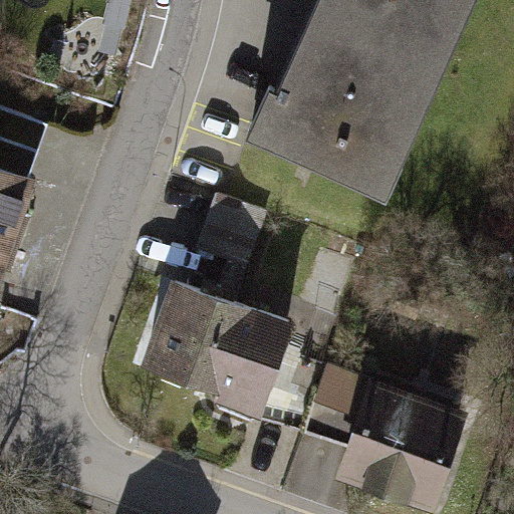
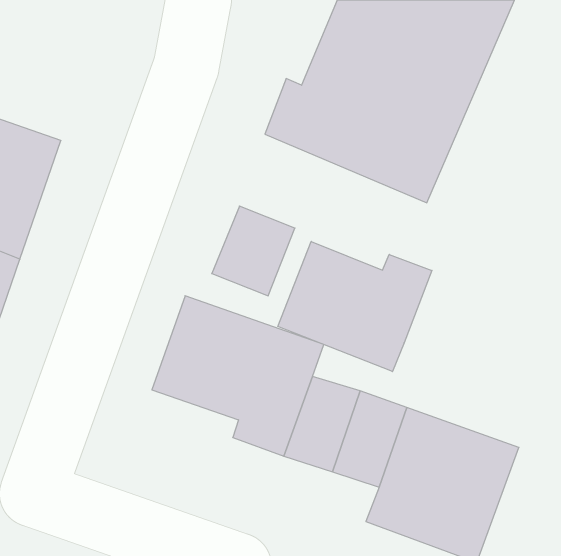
building: none -> [278,241,432,372]

